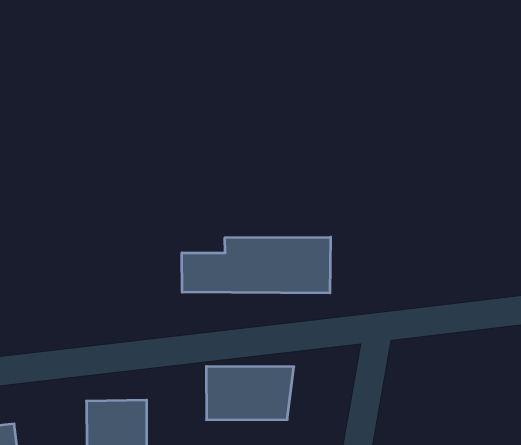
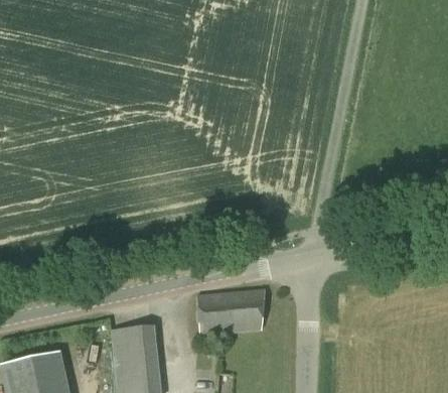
building: [182,237,331,293] -> none

